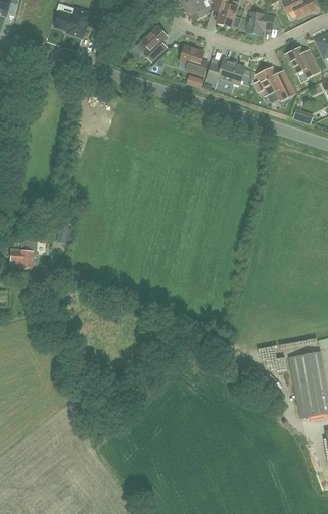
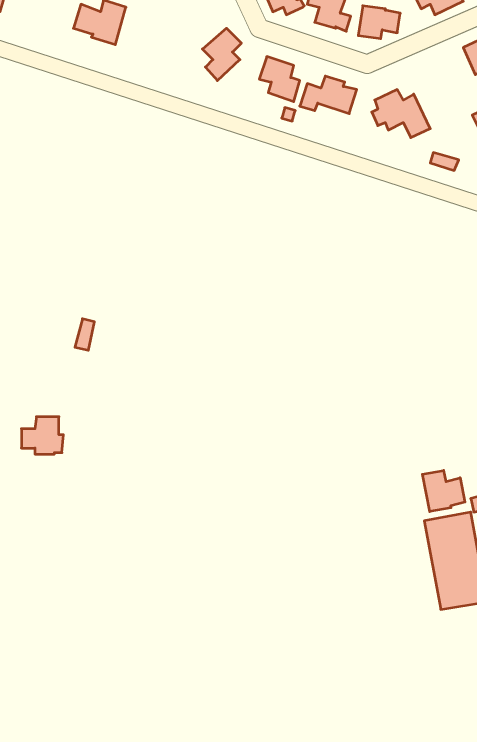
building: [285,47,318,77] -> none
building: [10,242,38,267] -> [21,417,63,454]
building: none -> [422,470,465,512]

